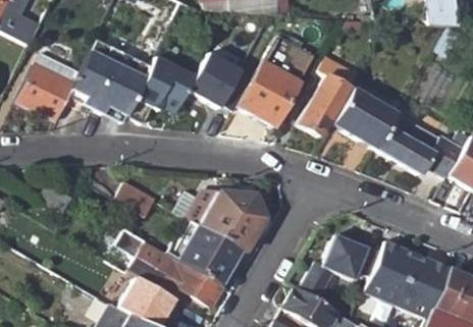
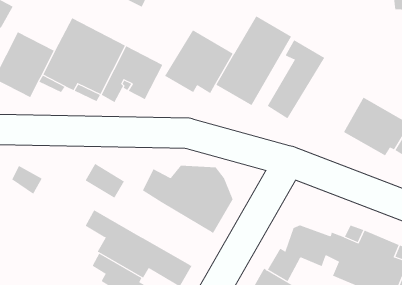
building: [331,87,397,149] -> none
building: [171,220,242,283] -> none

